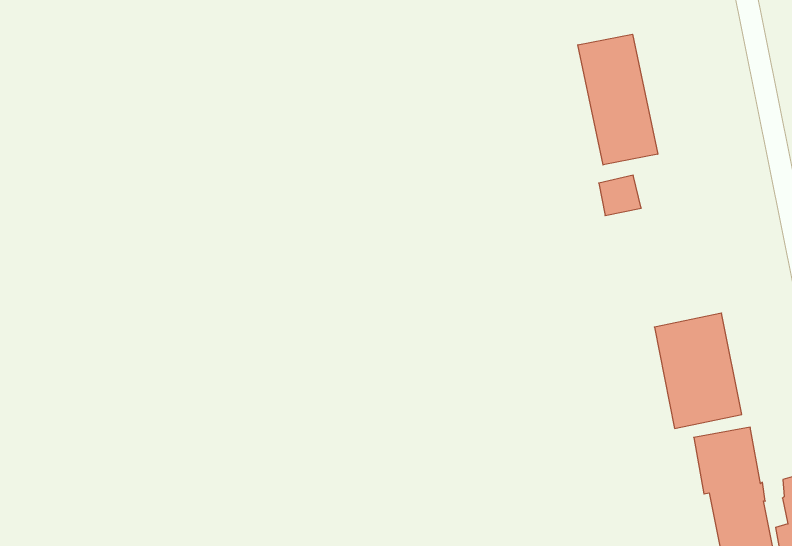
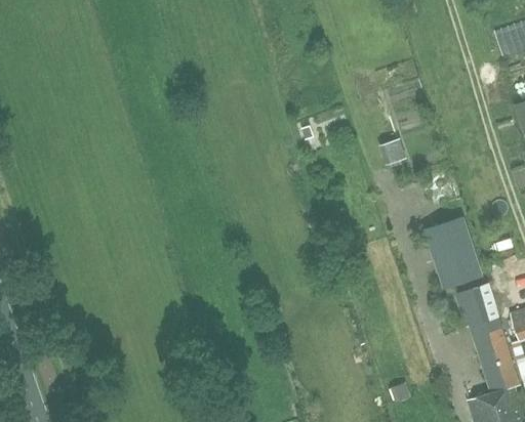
building: [578,34,658,165] -> none

